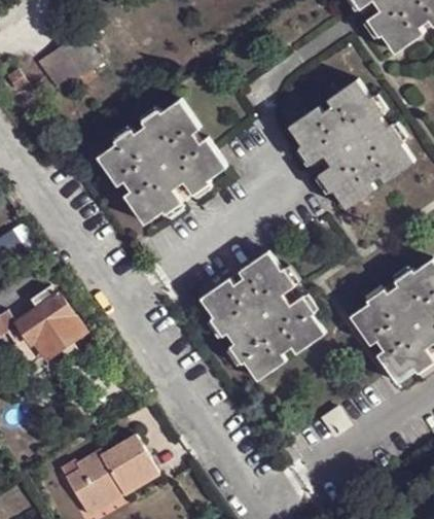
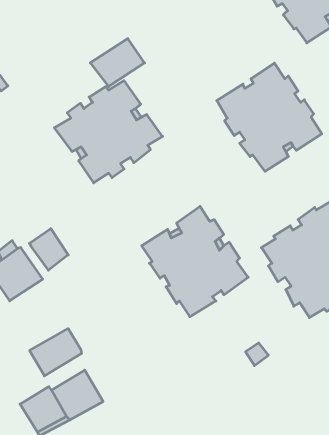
building: [39,34,103,91] -> [90,39,145,87]
building: none -> [29,229,68,270]
building: none -> [30,329,81,376]

